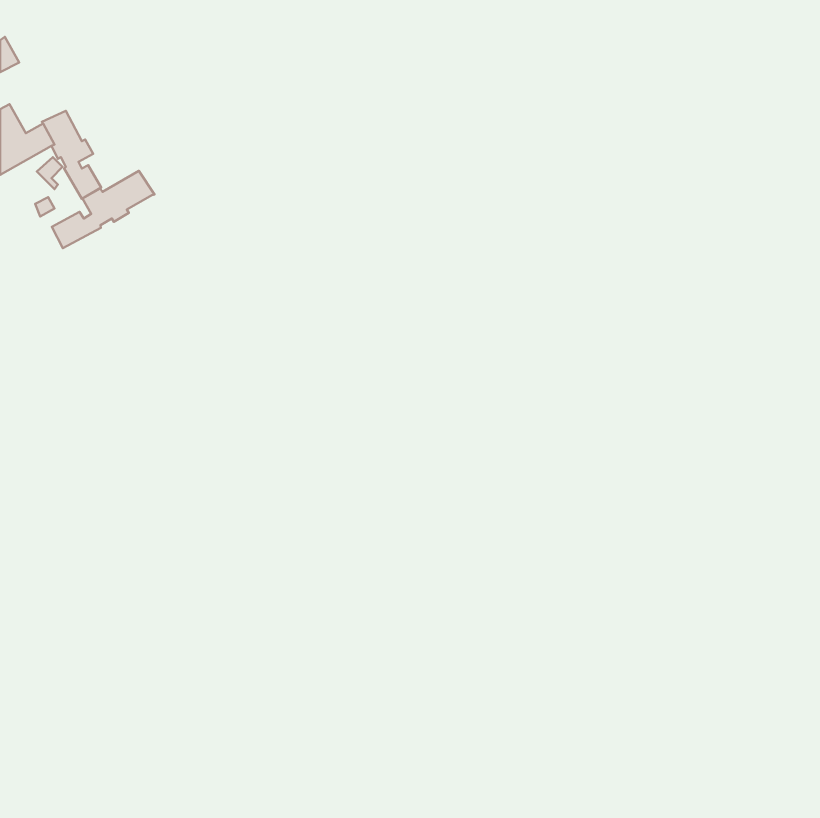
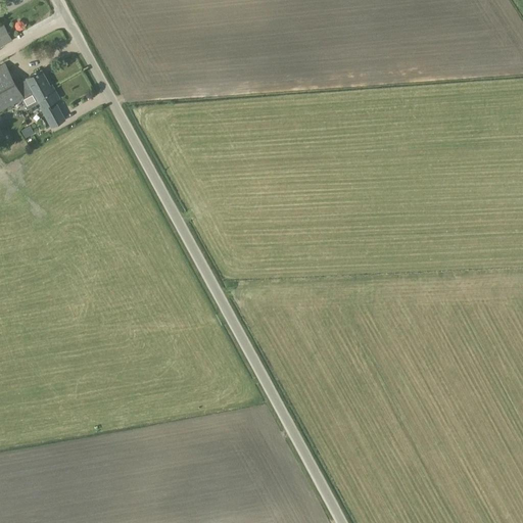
building: [52,171,155,248] -> none

